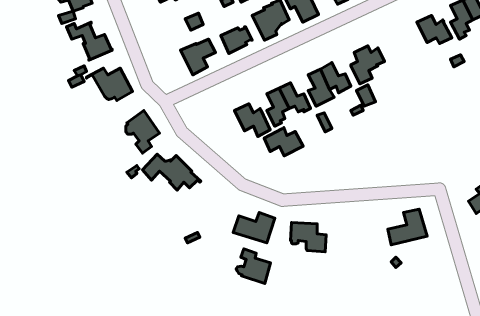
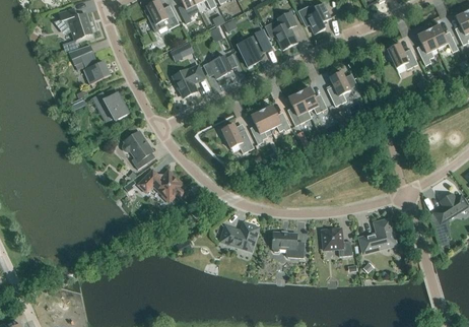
building: [264,128,303,156] -> none
building: none -> [321,228,352,256]
building: [236,249,271,283] -> none

